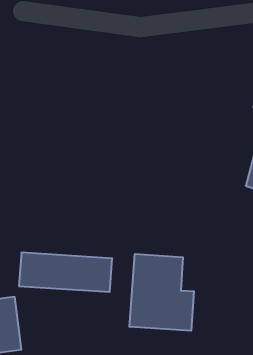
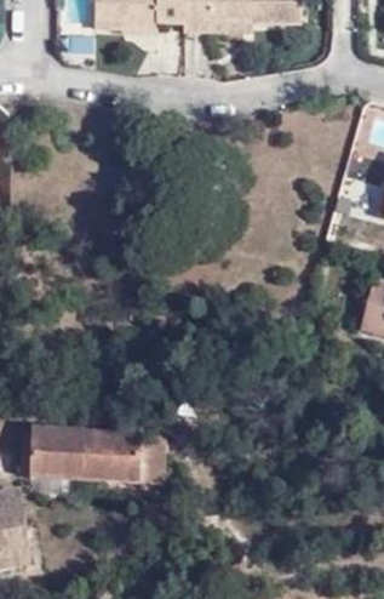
building: [130,254,194,331] -> none

